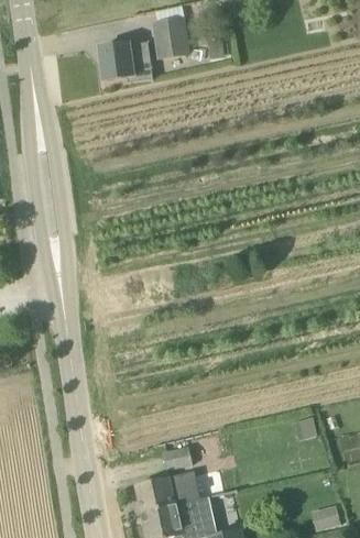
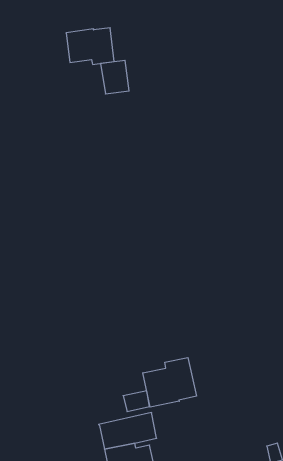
building: [155,19,187,56] -> [101,60,129,94]
building: none -> [143,358,196,407]

